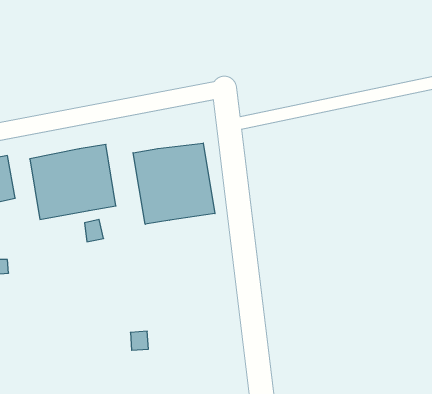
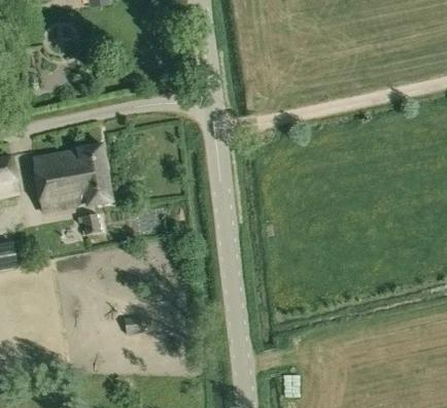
building: [133,143,215,224] -> none

